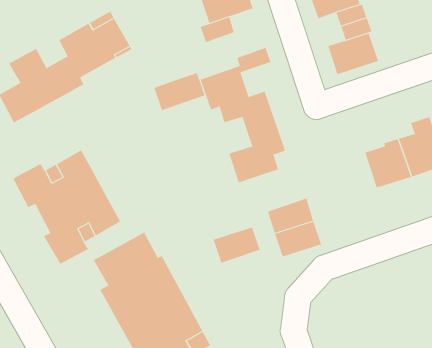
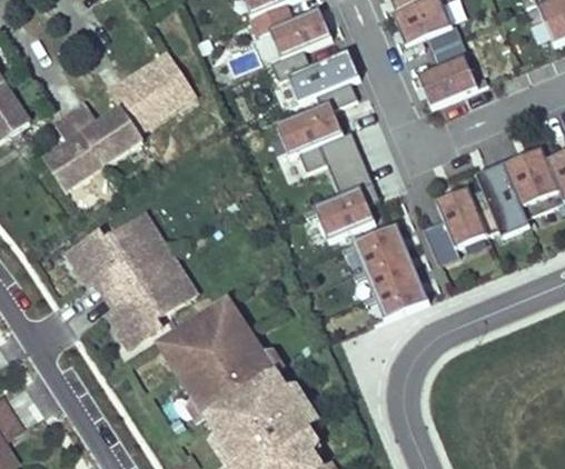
building: [154,73,205,111] -> [288,54,348,101]
building: none -> [422,186,486,262]
building: [213,227,261,263] -> [351,223,407,268]

